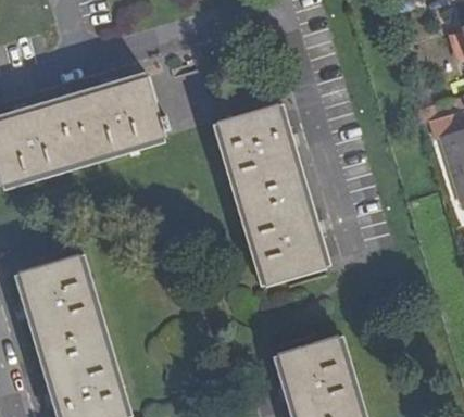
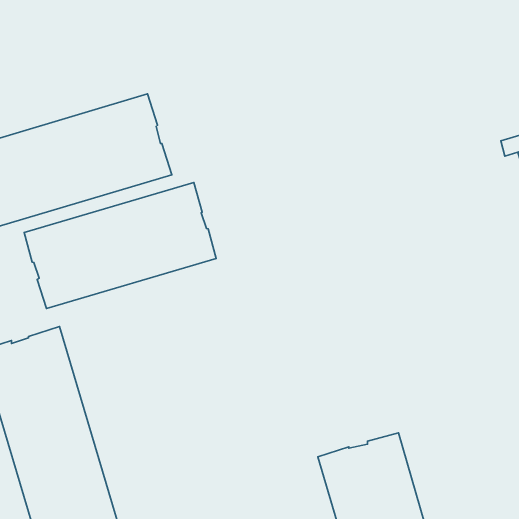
building: [216,104,326,287] -> none
building: none -> [24,183,216,308]

